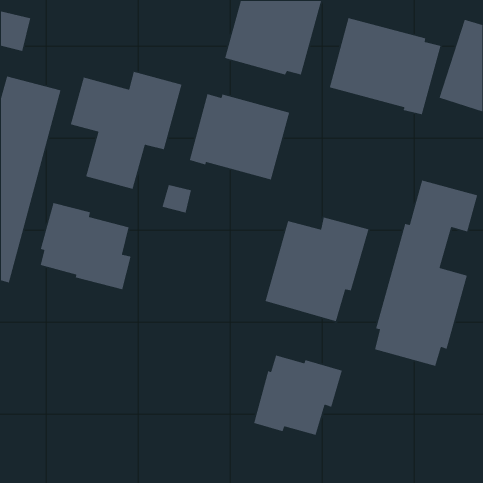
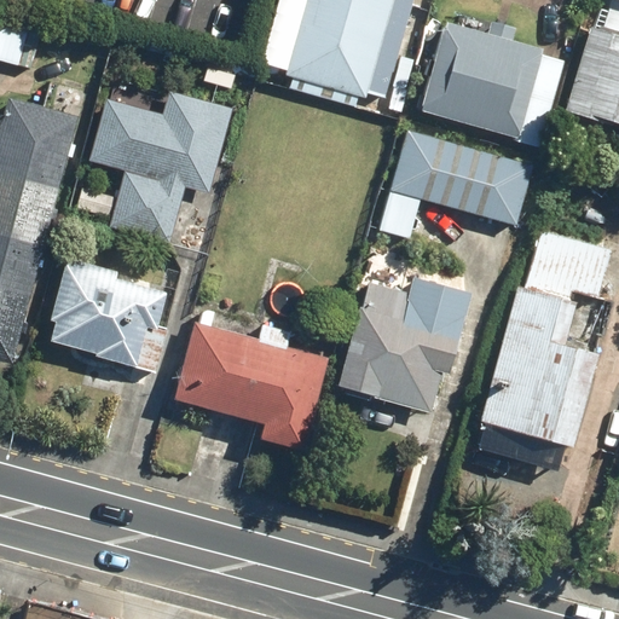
building: [189,93,290,181] -> none
building: none -> [388,129,533,225]
building: none -> [175,322,329,450]
building: [253,355,343,436] -> none

